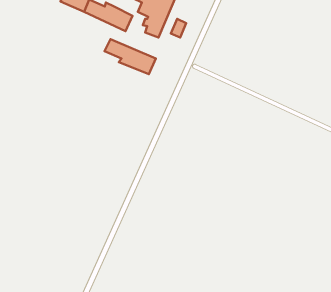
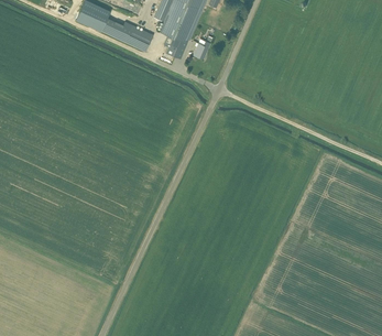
building: [105,39,156,74] -> none

